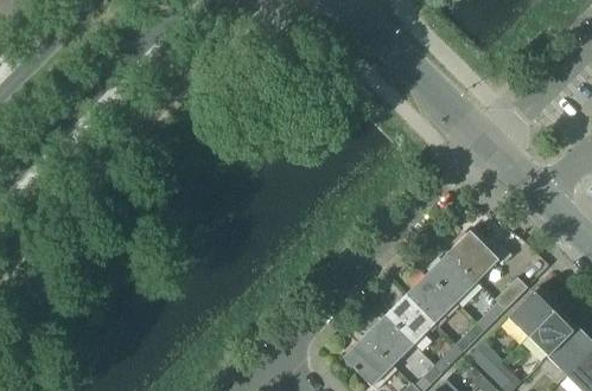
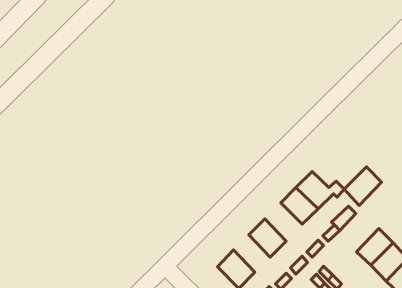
building: [407,271,457,322] -> none
building: [509,286,559,336] -> [344,167,382,205]
building: [365,314,414,364] -> none

